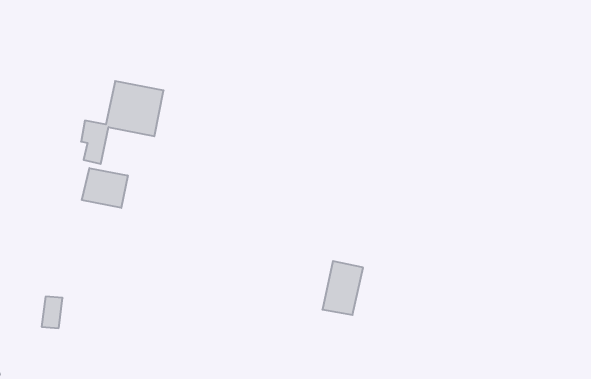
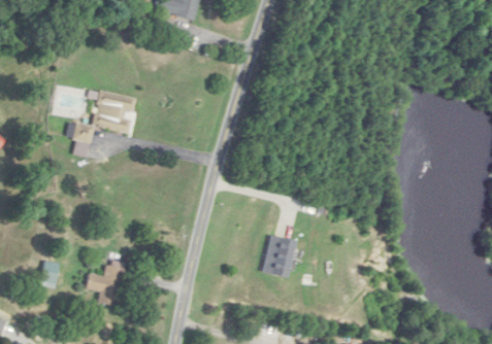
building: [82,168,128,208] -> none
building: none -> [86,264,126,306]

